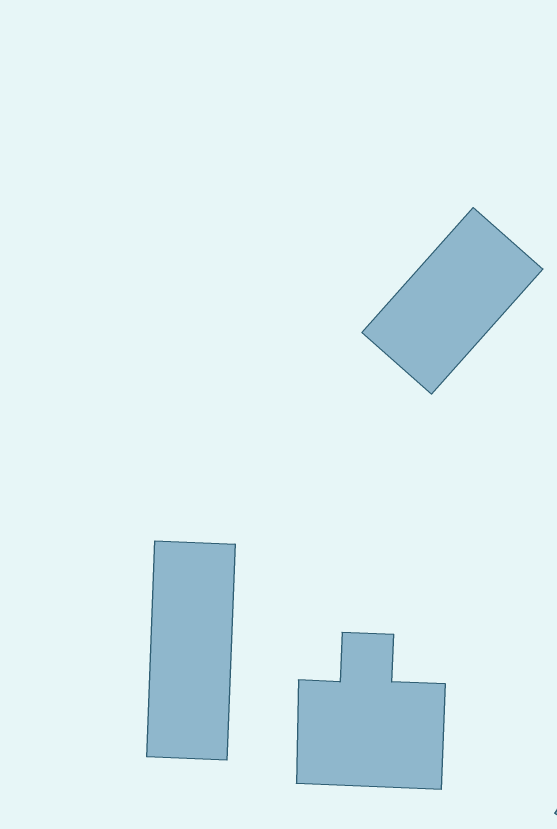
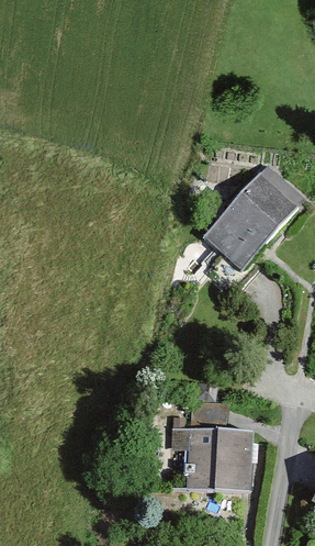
building: [147,541,235,760] -> none

